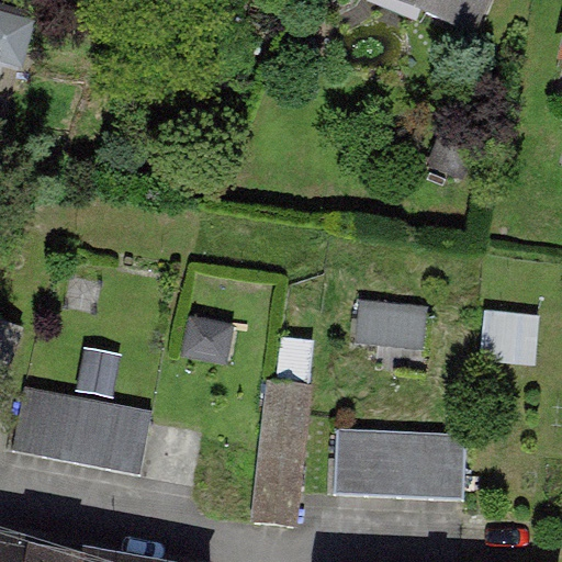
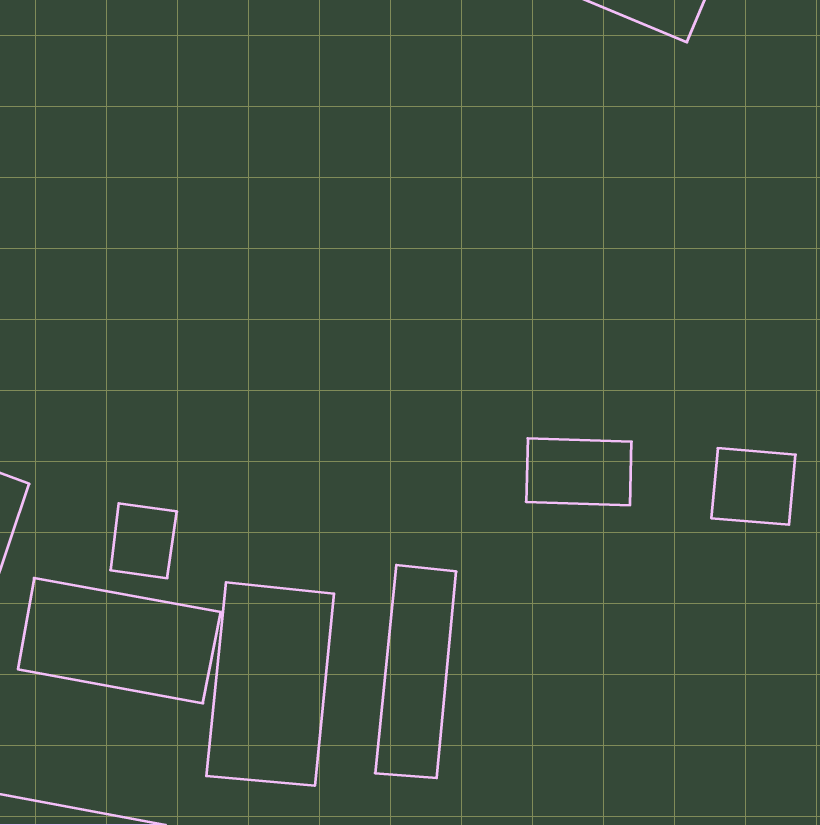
building: none -> [206,582,334,786]
building: [333,430,464,502] -> none

